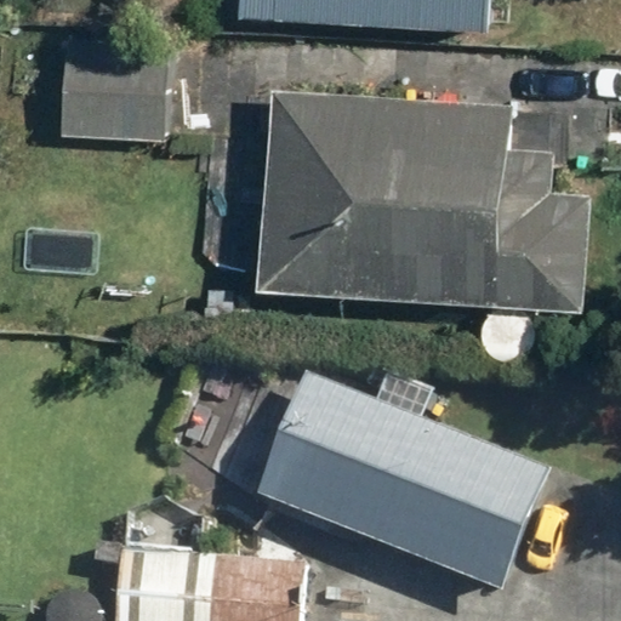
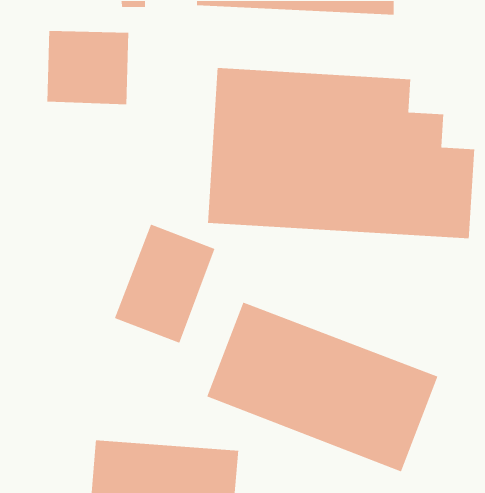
building: none -> [114,223,216,344]

